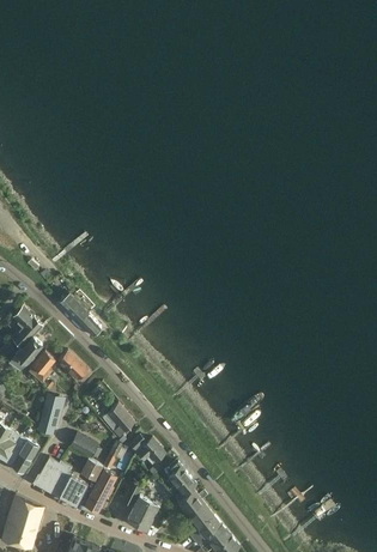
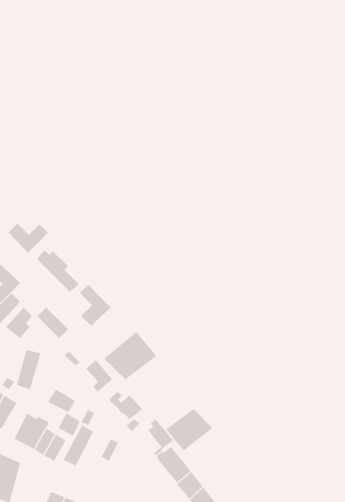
building: none -> [8,223,48,254]
building: none -> [79,285,112,327]
building: none -> [103,331,157,380]
building: none -> [165,408,213,452]
building: [127,497,159,530] -> none

